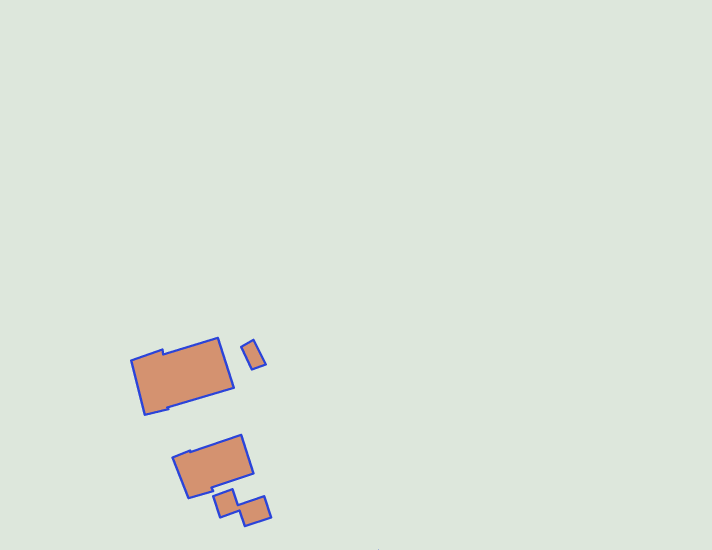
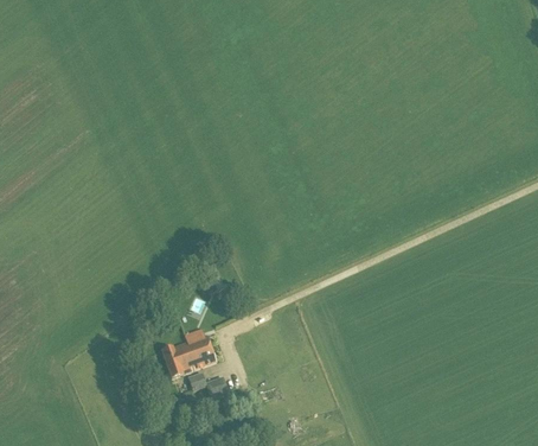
building: [131,338,234,415] -> none

